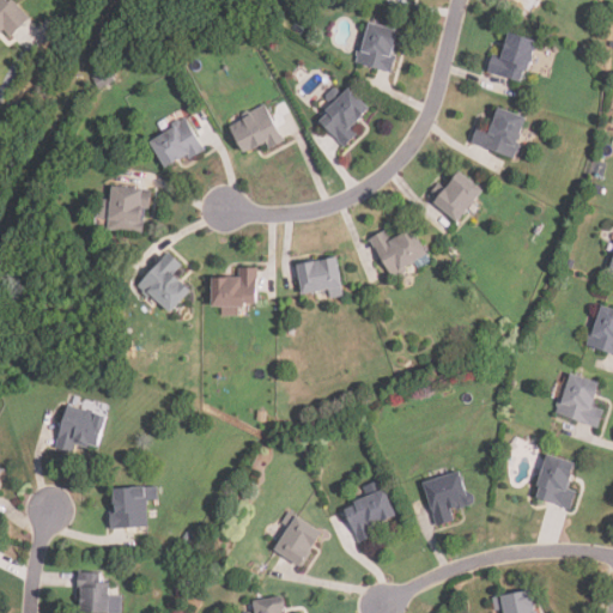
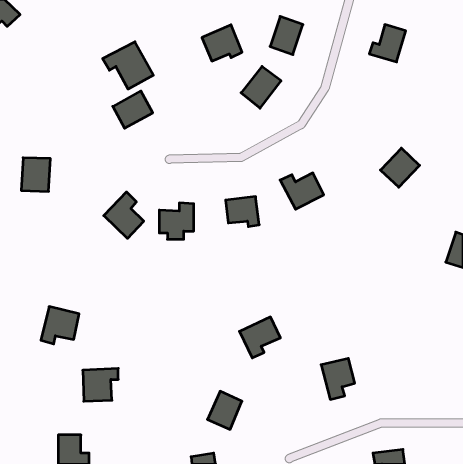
building: none -> [103,42,153,89]
building: [227,105,280,153] -> [202,25,242,61]
building: [469,107,524,156] -> none
building: [430,169,481,220] -> [380,148,420,187]
building: [107,187,145,231] -> [21,158,50,191]
building: [554,372,602,427] -> none
building: [534,456,573,506] -> none
building: [341,488,395,542] -> [239,317,280,358]

